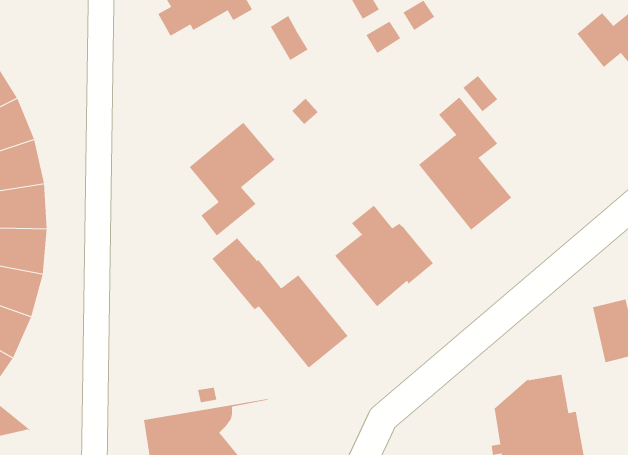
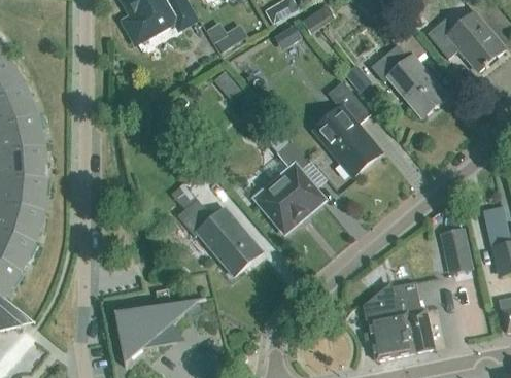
building: none -> [372,30,448,117]
building: [189,122,276,236] -> none
building: none -> [278,142,310,175]

